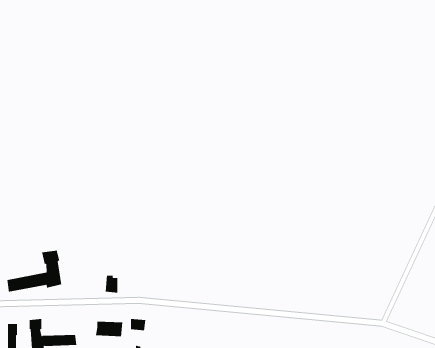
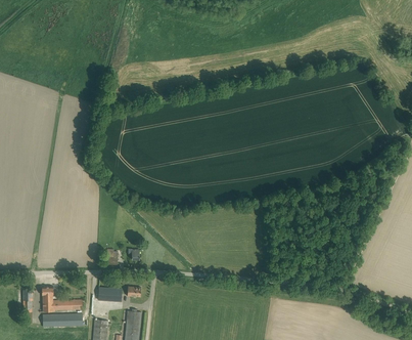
building: [7,250,62,293] -> none

